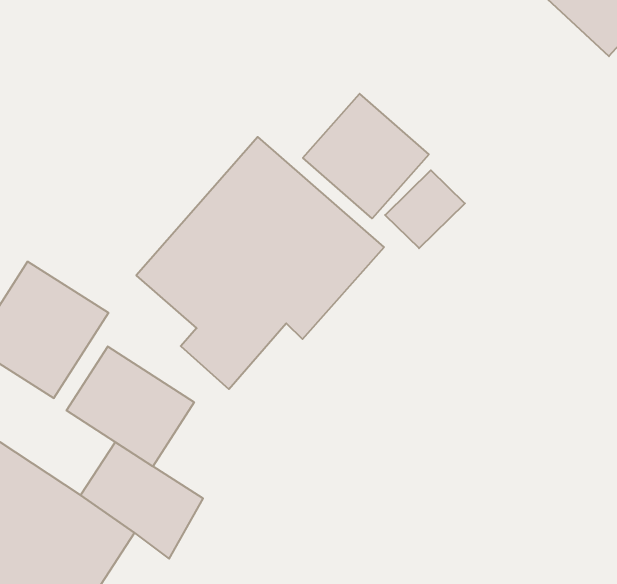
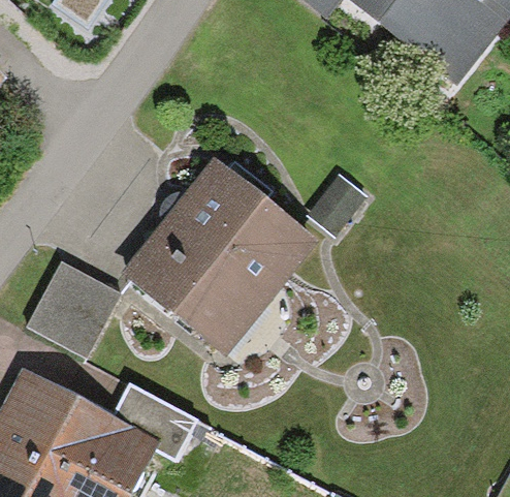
building: [303,94,429,218] -> none
building: [67,346,194,466] -> none

